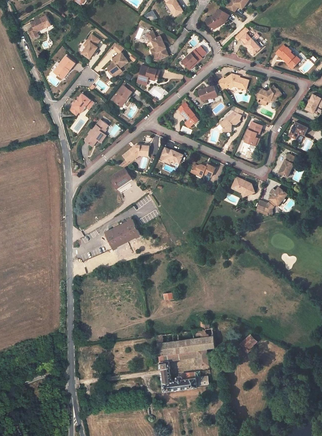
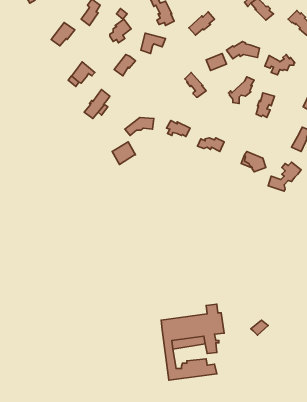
building: [105,219,140,248] -> none

